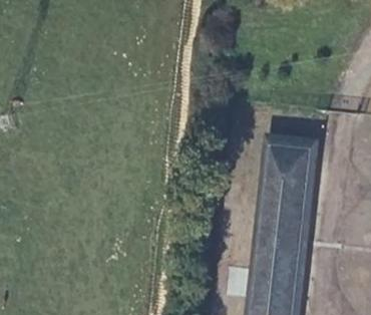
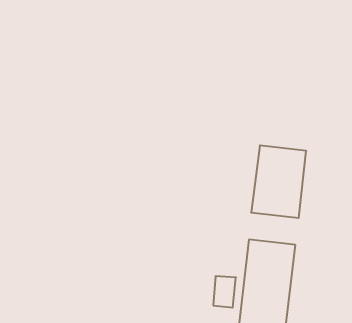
building: [259,208,305,238] -> none

